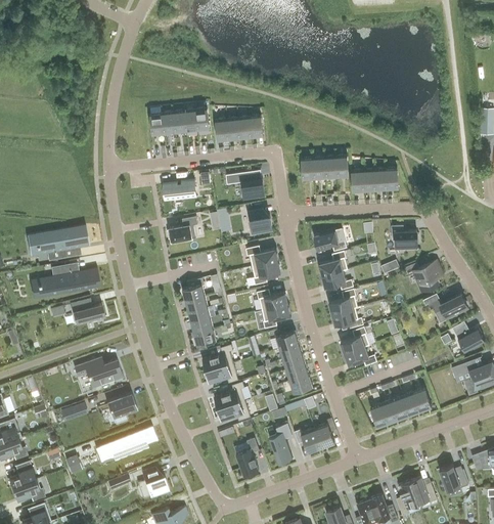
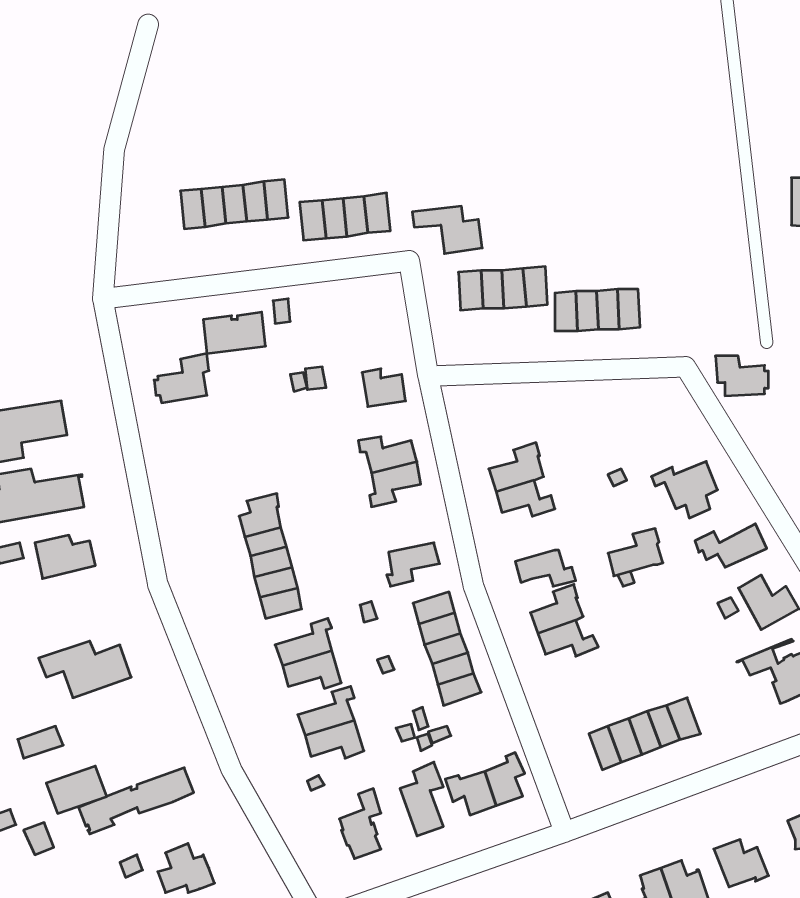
building: [226,171,264,196] -> [412,206,482,254]
building: [168,216,197,243] -> [154,354,209,403]
building: [391,225,419,247] -> [715,356,768,396]
building: [314,228,346,251] -> none
building: [328,289,358,314] -> [608,529,663,576]
building: [256,290,287,309] -> none
building: [105,392,138,418] -> [46,766,107,813]

